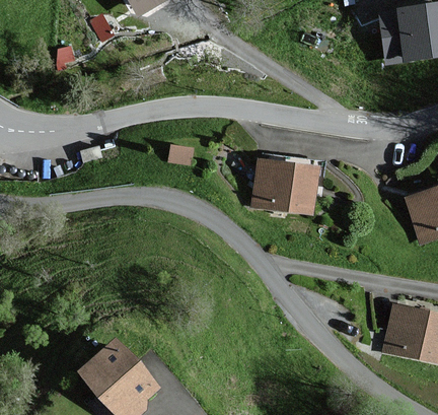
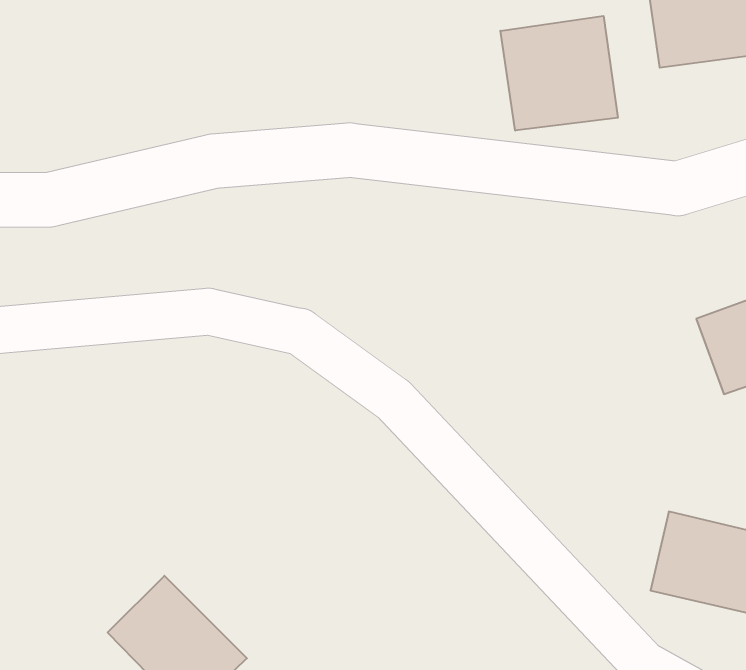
building: none -> [500,16,618,131]
building: [253,158,315,210] -> none

